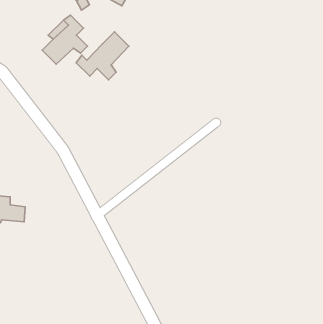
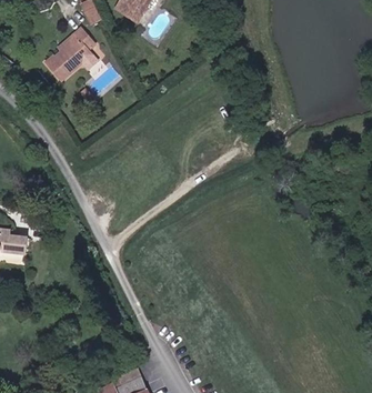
building: [76,32,129,80] -> none

